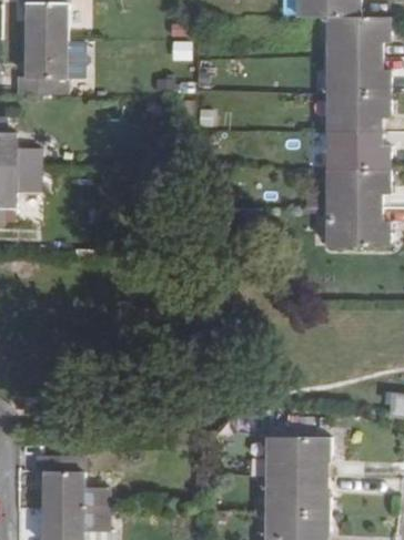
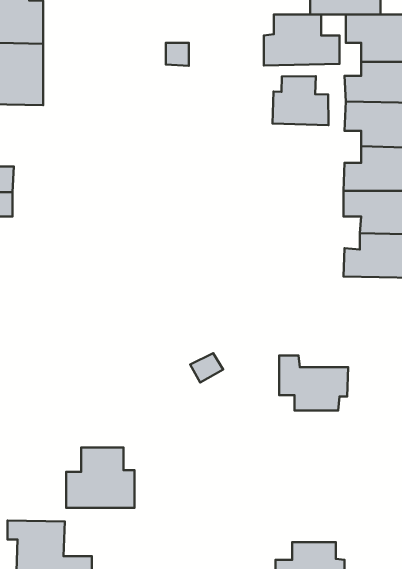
building: none -> [264,15,339,65]
building: none -> [272,76,328,125]
building: none -> [66,447,135,508]
building: [269,428,329,476] -> [279,356,348,411]

